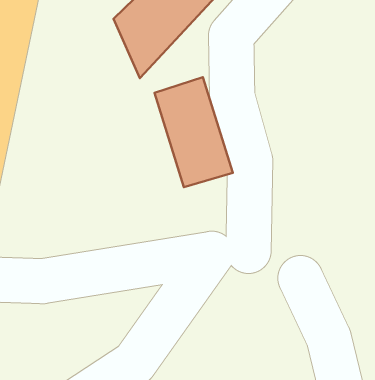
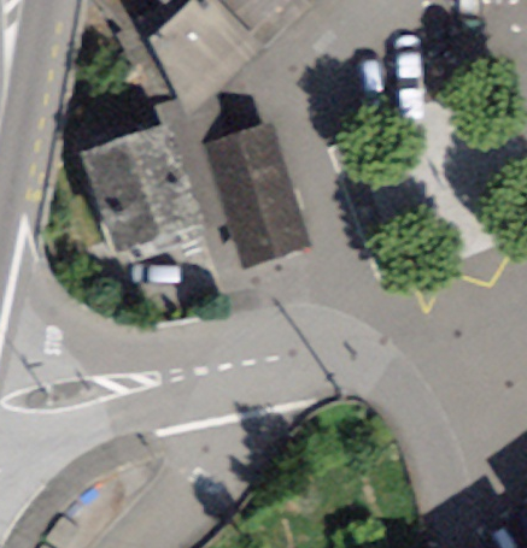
building: none -> [77,130,197,261]

